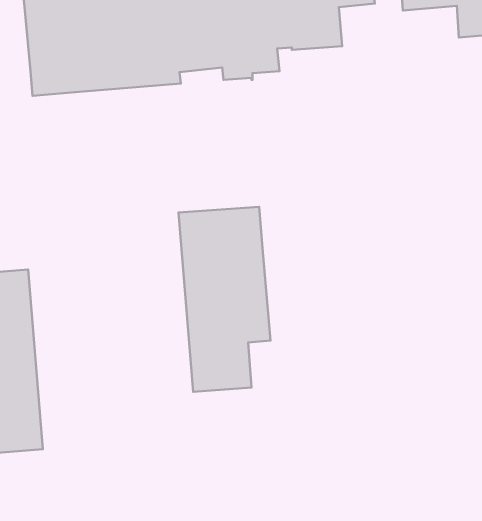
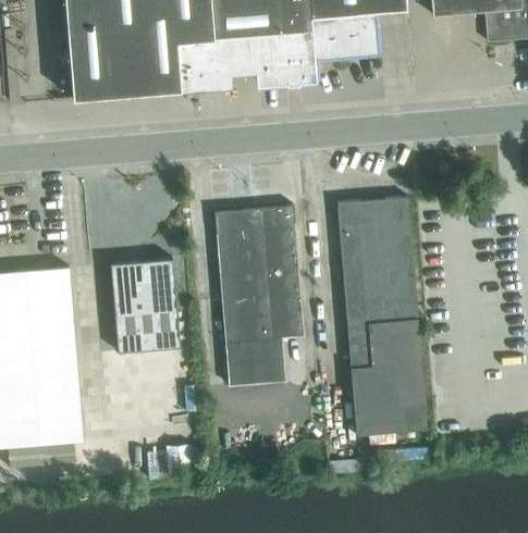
building: none -> [337,197,426,434]
building: none -> [111,259,180,351]

